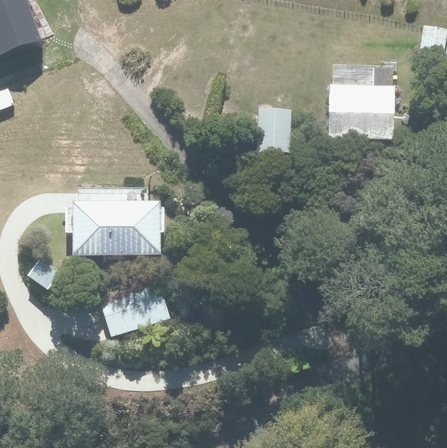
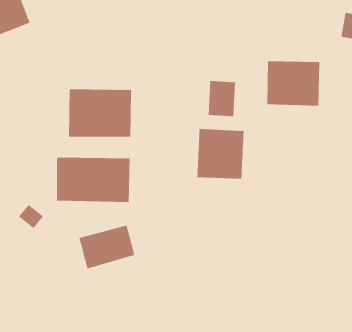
building: none -> [69,89,131,137]
building: none -> [197,128,244,179]

